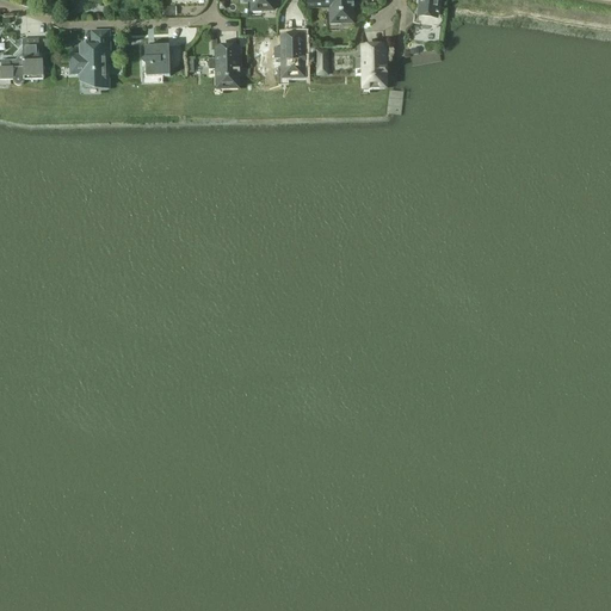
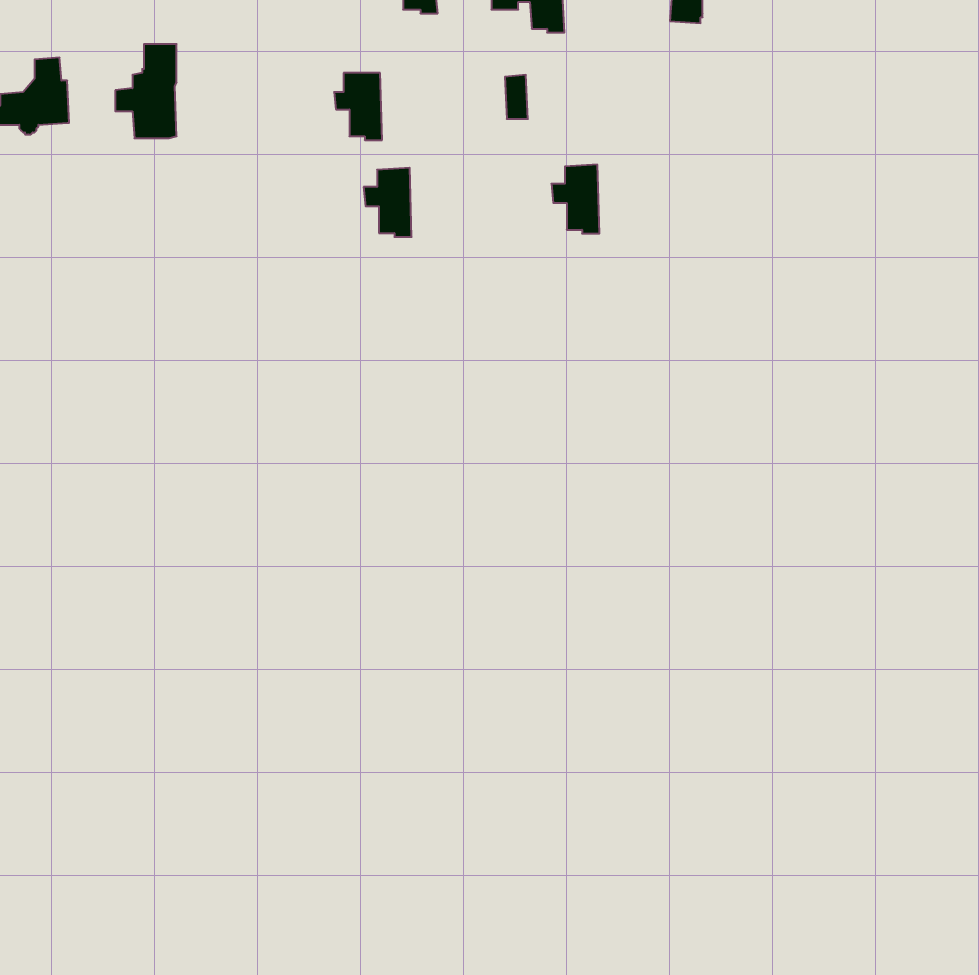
building: [272,35,302,78] -> [364,168,412,237]
building: [141,43,169,75] -> none
building: [353,43,383,86] -> [551,165,599,234]

